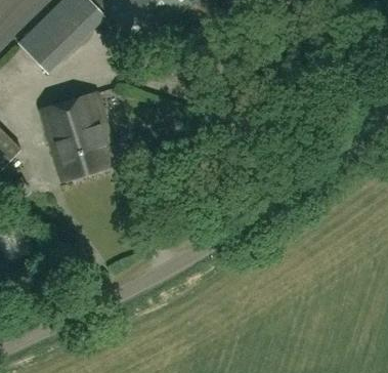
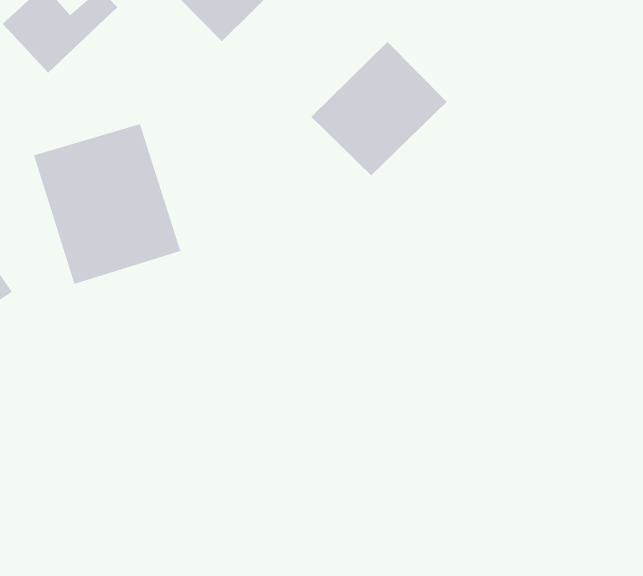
building: none -> [311,41,447,176]

